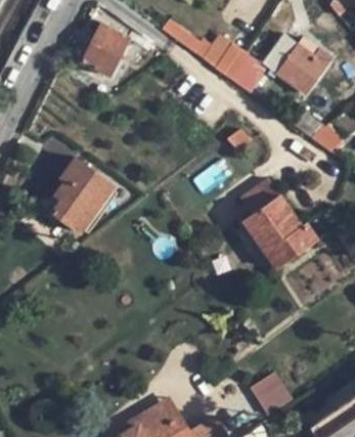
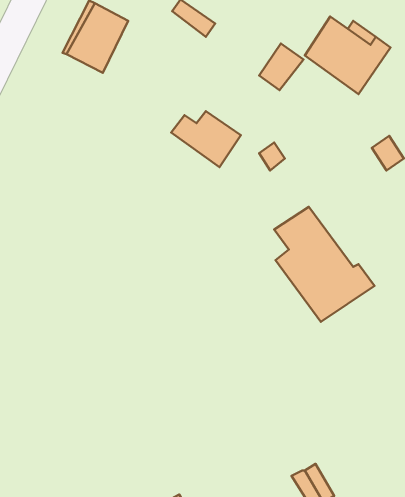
building: [192,36,246,79] -> [171,111,241,167]
building: [50,158,113,233] -> none

